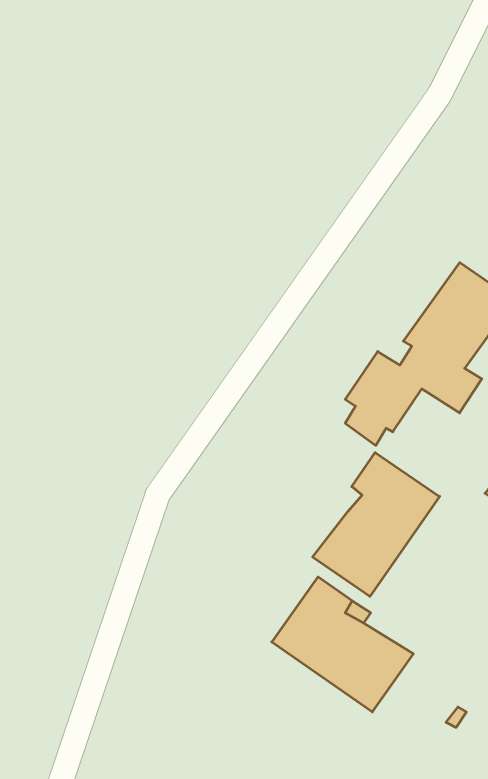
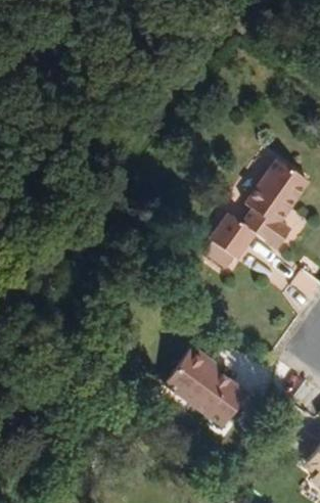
building: [313,453,440,596] -> none

